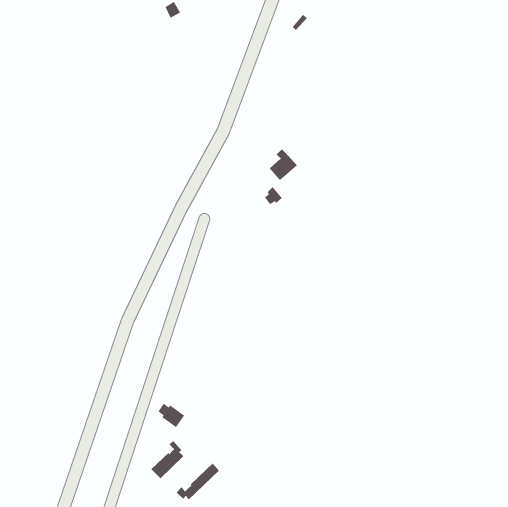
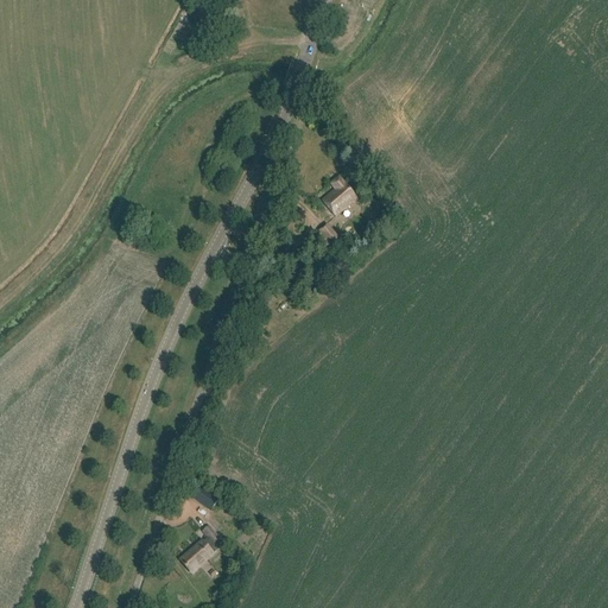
building: [176,462,220,500] -> none

